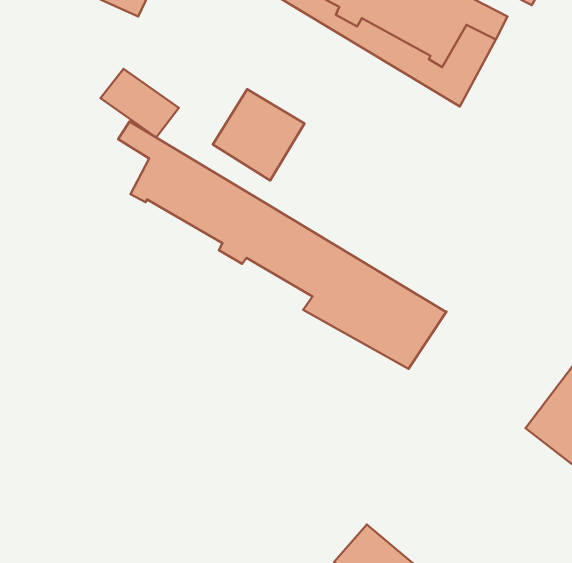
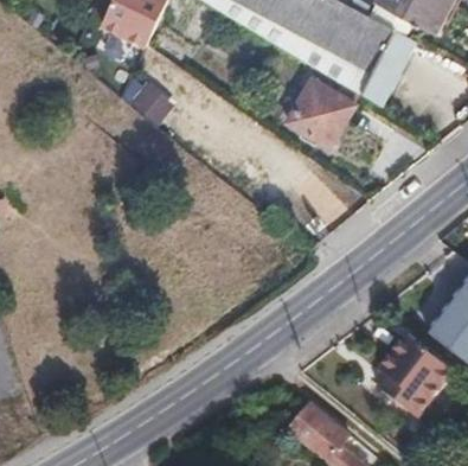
building: [213,89,304,180] -> [287,79,353,146]
building: [118,121,447,369] -> none
building: none -> [371,340,450,421]

